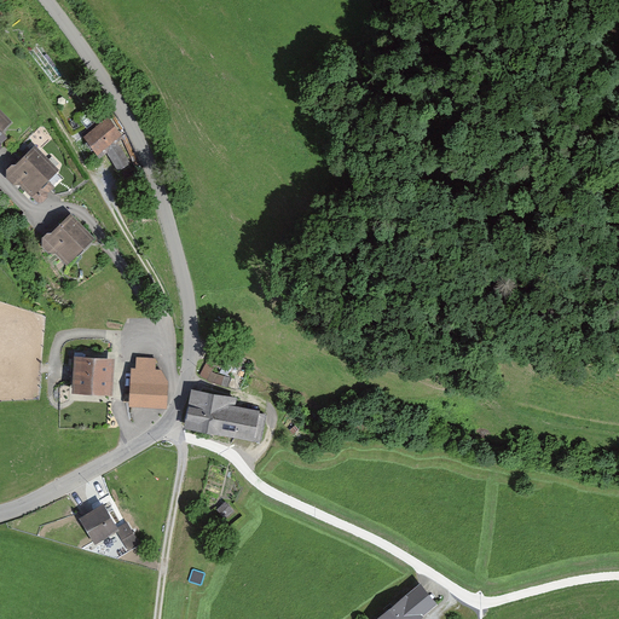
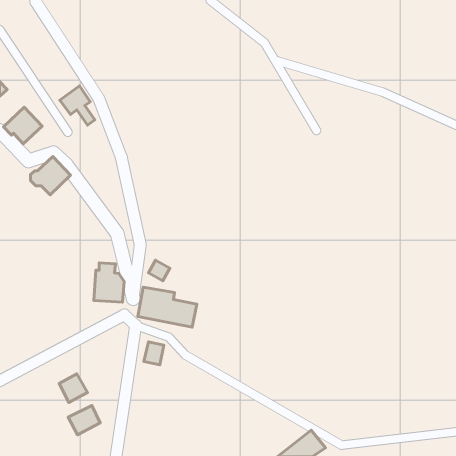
building: [71,357,114,395] -> none
building: none -> [144,342,164,365]
building: none -> [68,406,100,435]

